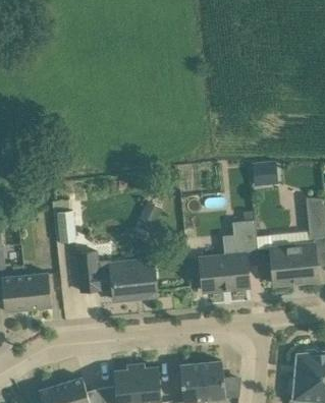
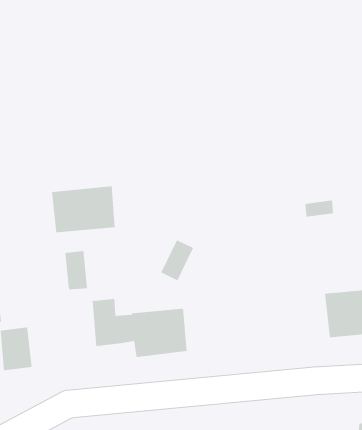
building: none -> [52,186,115,233]
building: [200,220,259,291] -> none
building: [24,273,52,308] -> none

